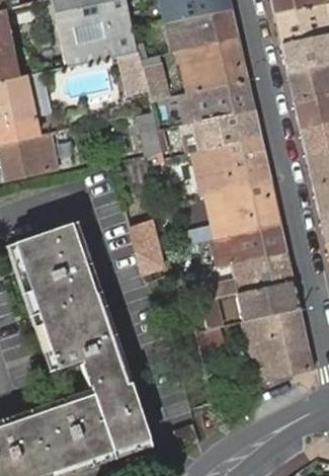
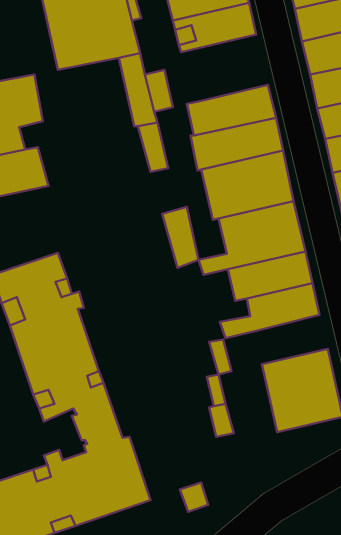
building: [179,37,249,95] -> none
building: [132,223,163,275] -> [162,207,199,268]
building: [238,280,301,322] -> none

